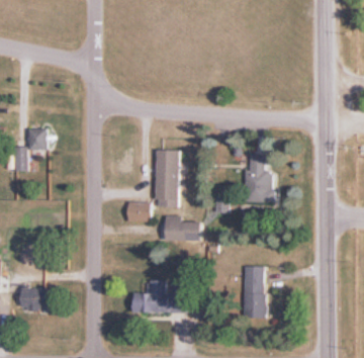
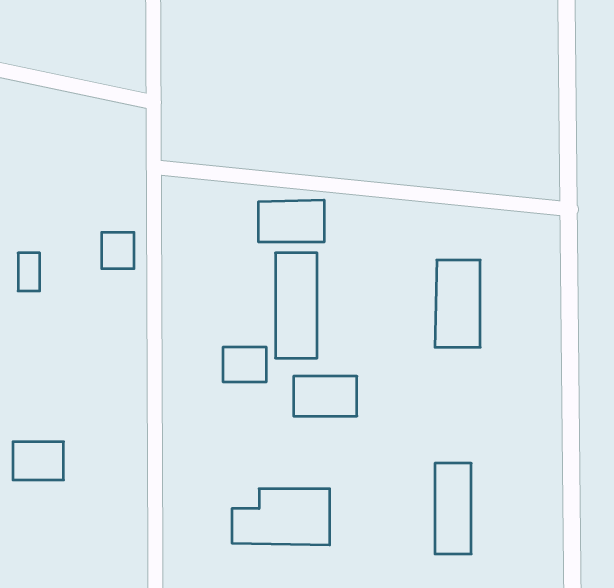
building: none -> [259,200,324,242]
building: [27,128,46,149] -> [102,232,134,269]
building: [18,288,47,309] -> [13,442,64,480]

